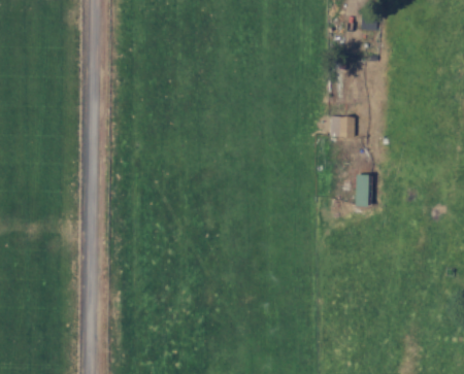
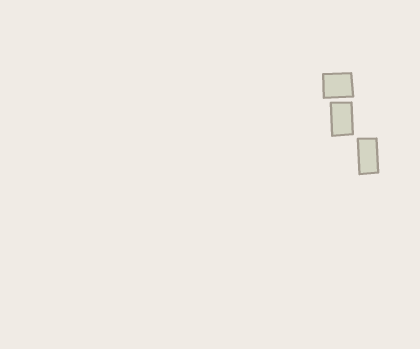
building: none -> [331,102,353,136]

